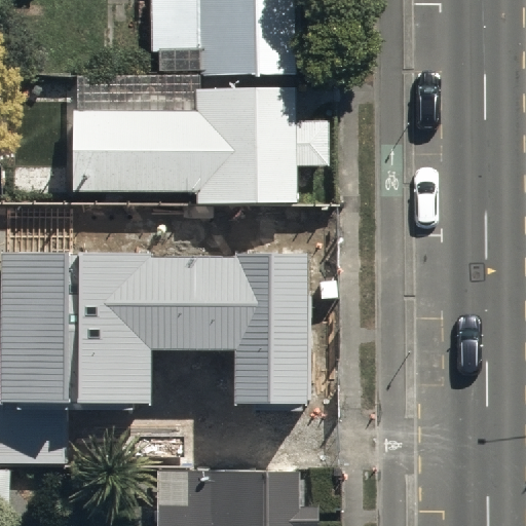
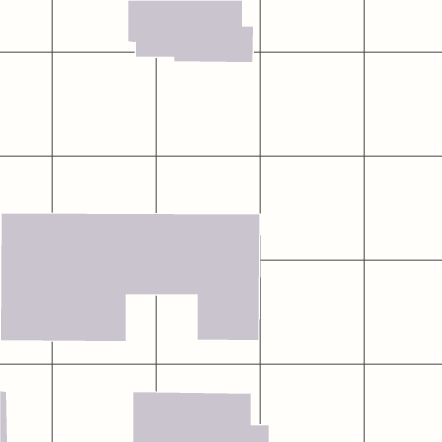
building: [72,88,296,206] -> none

